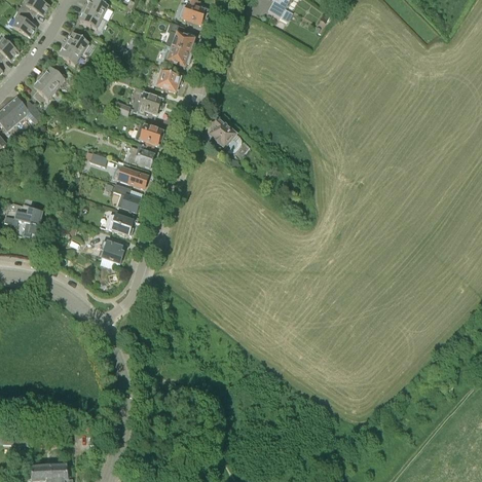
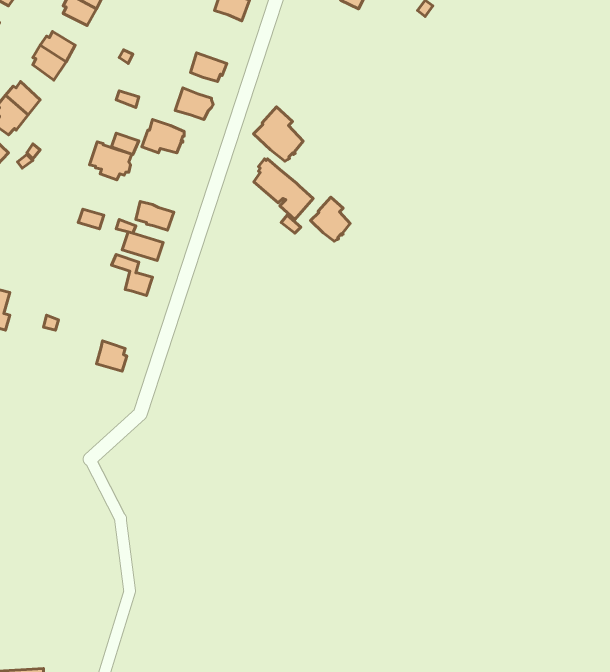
building: [169,22,194,53] -> none
building: none -> [253,107,303,161]
building: [134,122,162,148] -> [89,142,132,180]
building: none -> [311,197,350,241]
building: [105,213,133,234] -> none

